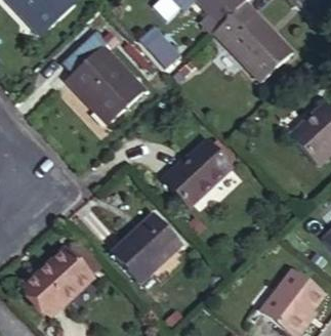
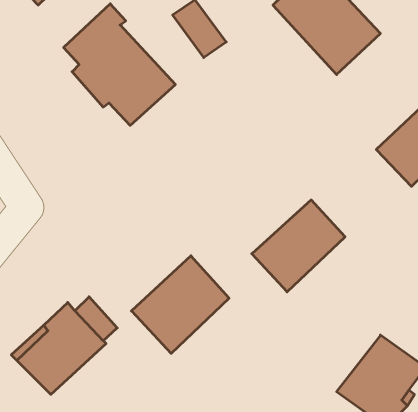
building: [163,140,231,207] -> [252,200,345,292]

